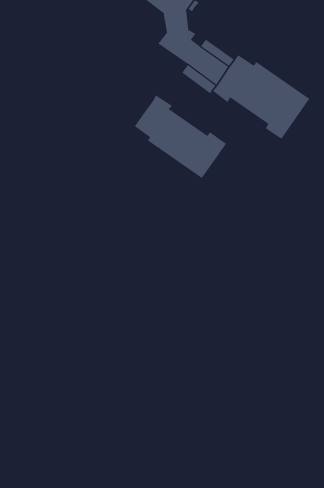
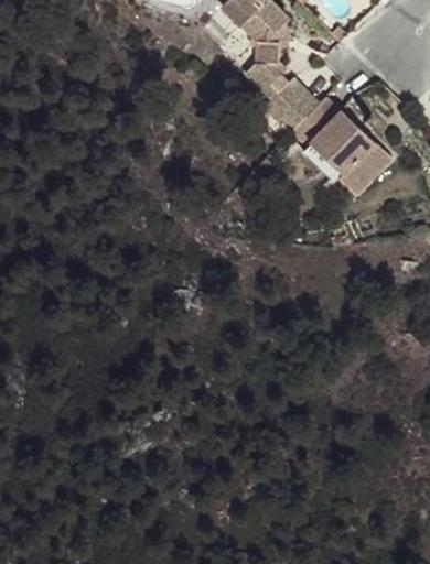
building: [134,95,227,179] -> none

